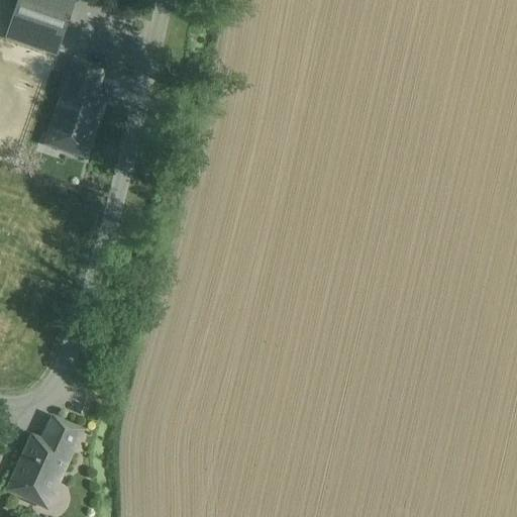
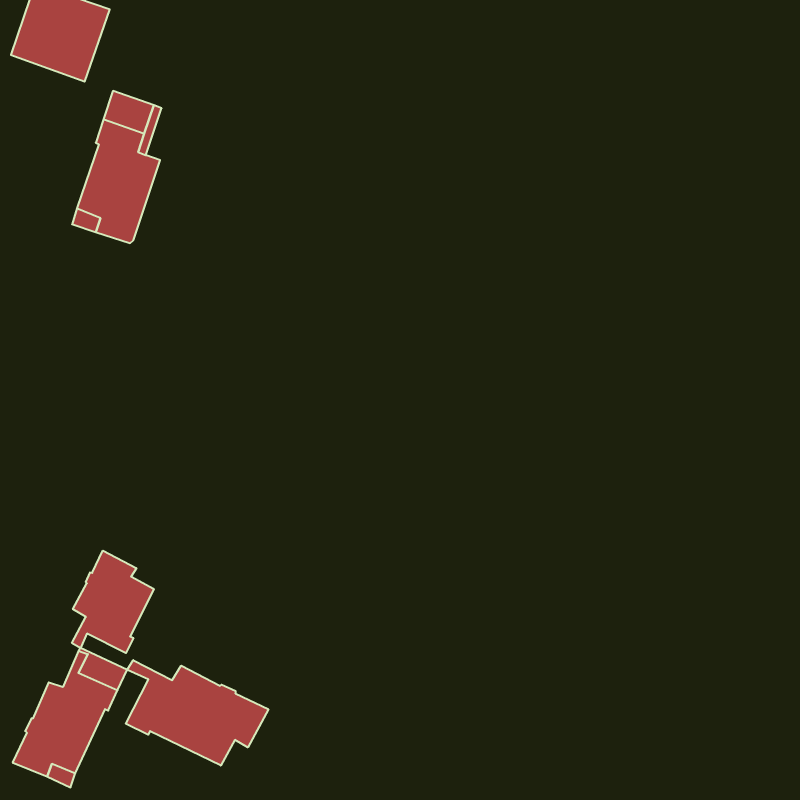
building: none -> [72,551,154,653]
building: none -> [126,660,268,766]

